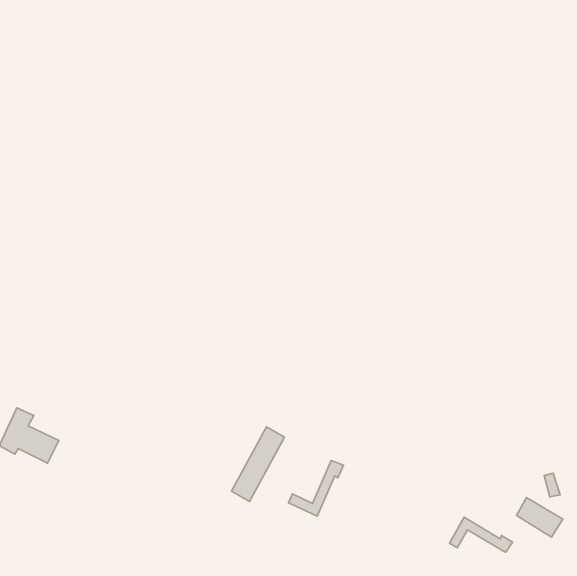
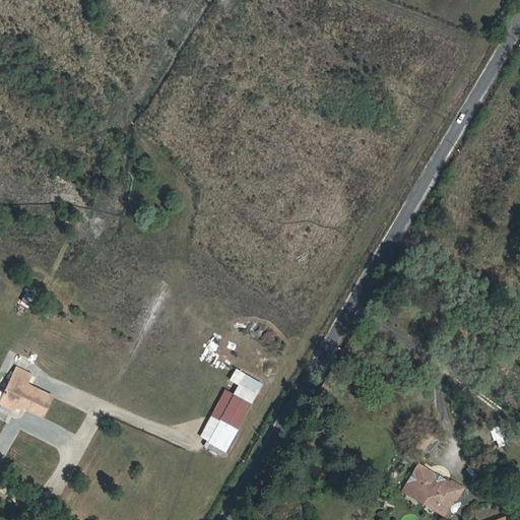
building: [288,461,343,516] -> none
building: [517,498,563,537] -> [411,476,453,512]

